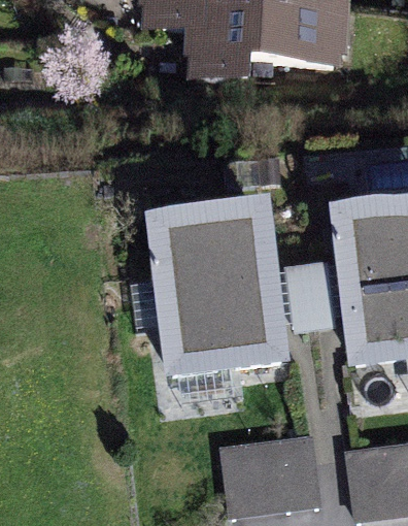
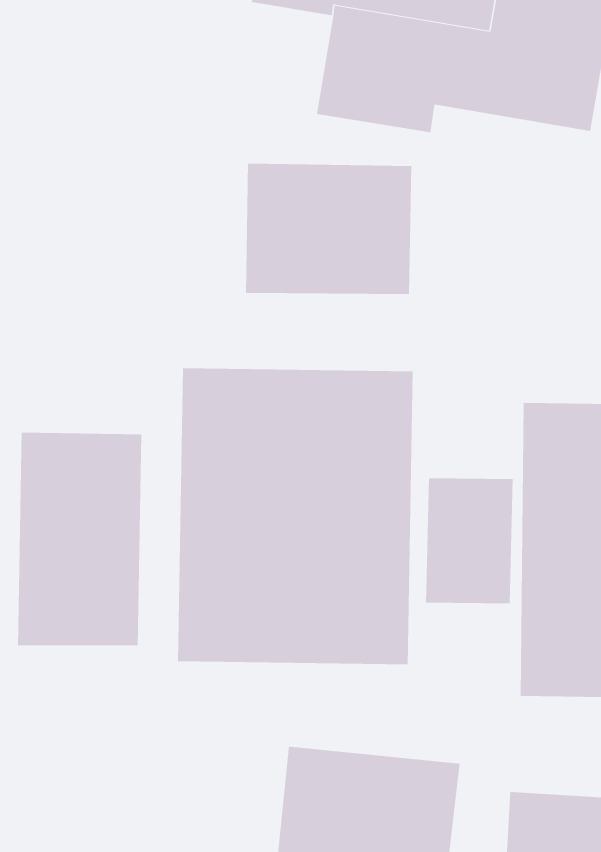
building: none -> [245,163,412,295]
building: none -> [17,432,142,646]

